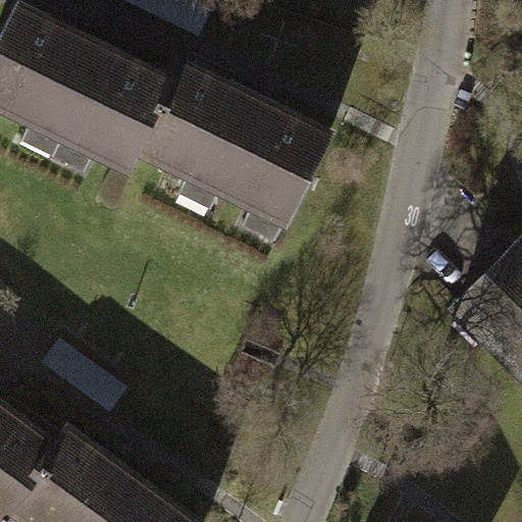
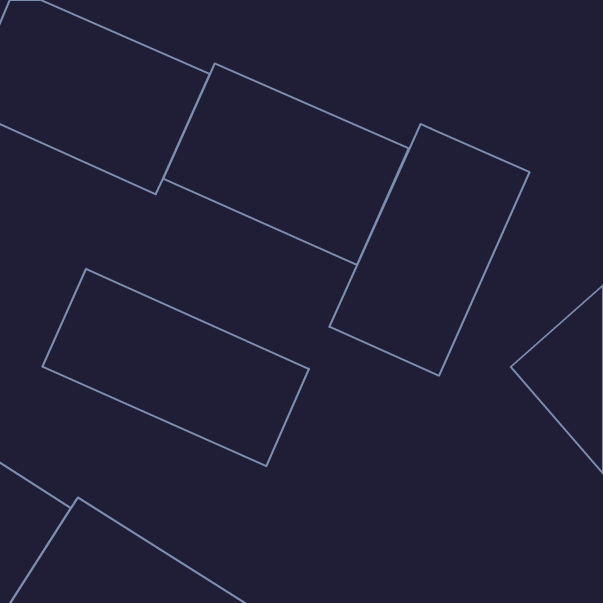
building: none -> [329,124,529,376]
building: none -> [43,269,309,466]

